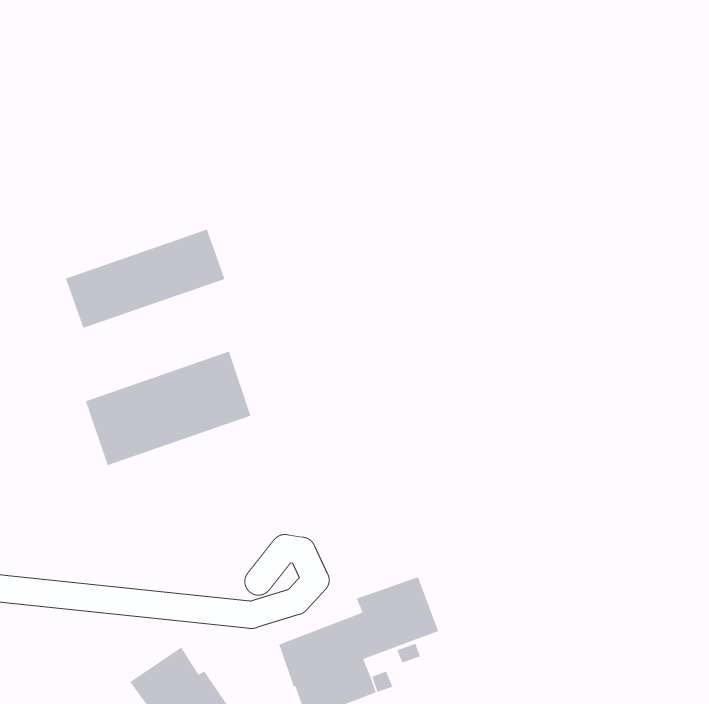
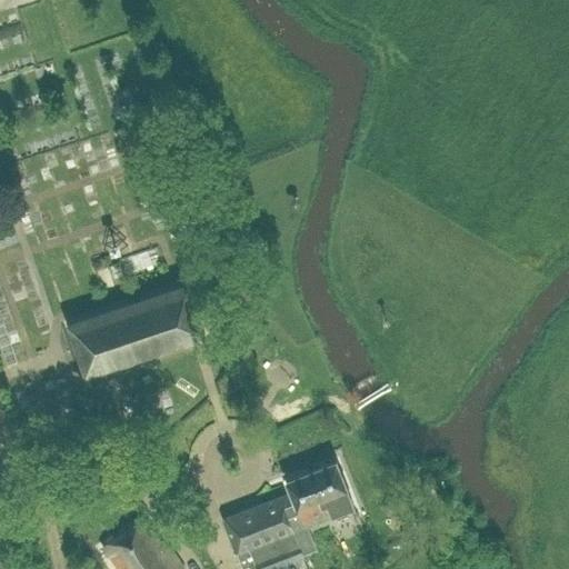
building: [65,229,226,329] -> none

